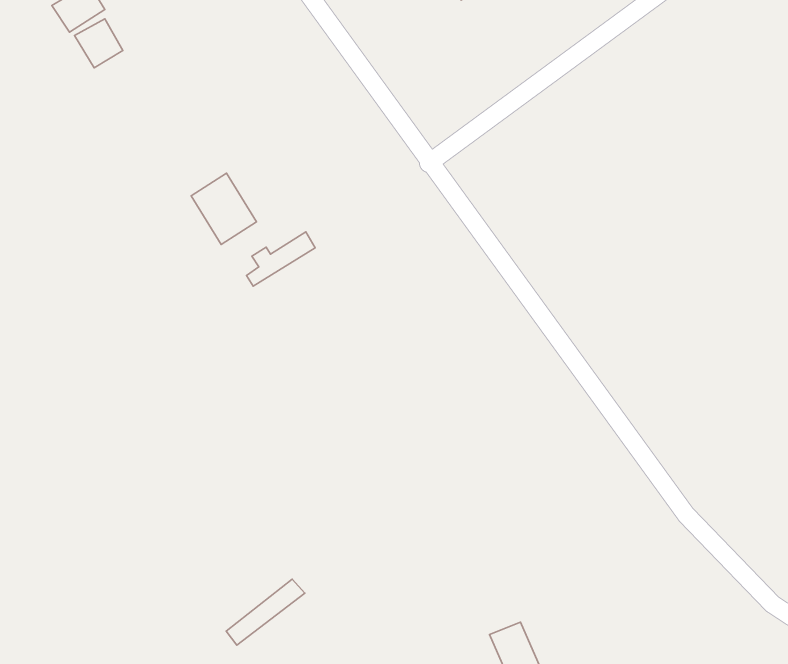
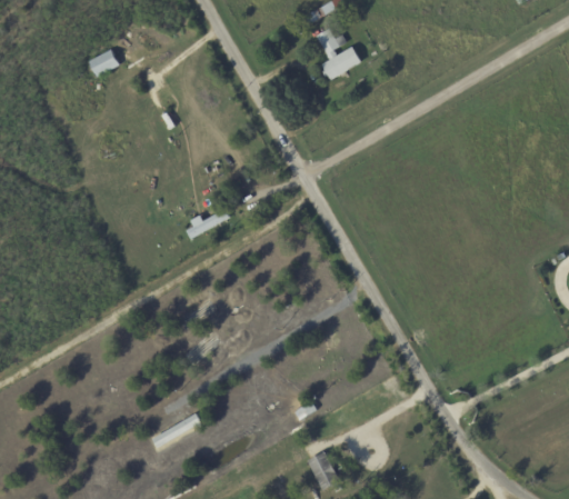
building: [75,19,123,68] -> none
building: [191,173,256,244] -> none

